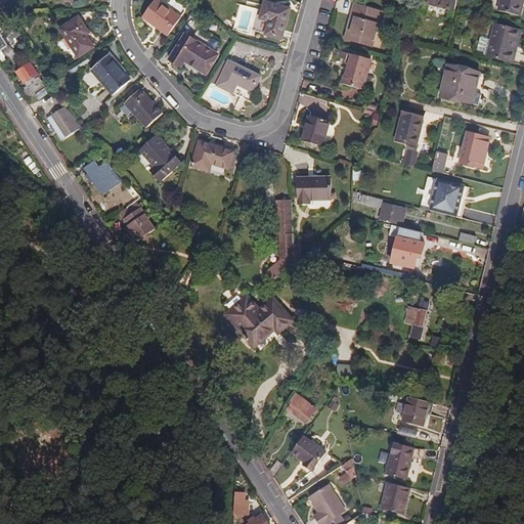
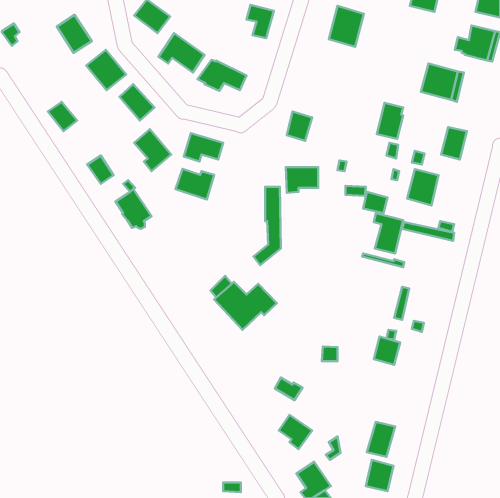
building: [336,52,368,92] -> none
building: [17,61,45,94] -> none
building: none -> [176,169,214,200]
building: [402,395,430,425] -> [374,337,400,365]

